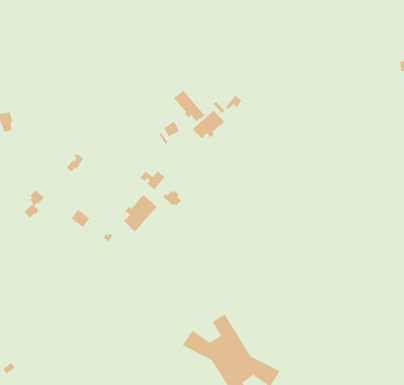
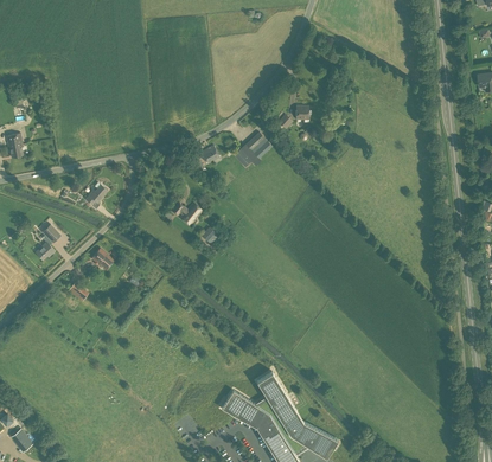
building: [173,90,206,122] -> none
building: [123,194,157,233] -> none

